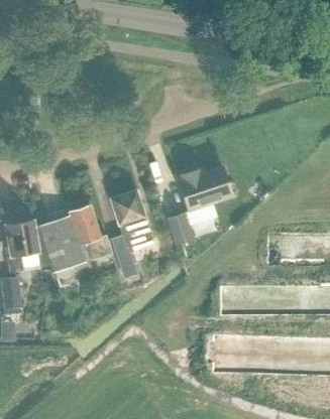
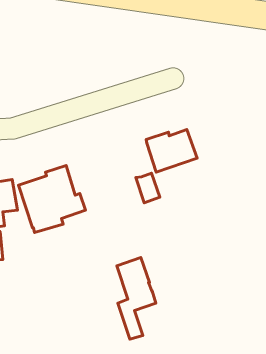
building: [110,189,152,278] -> [117,258,156,339]

